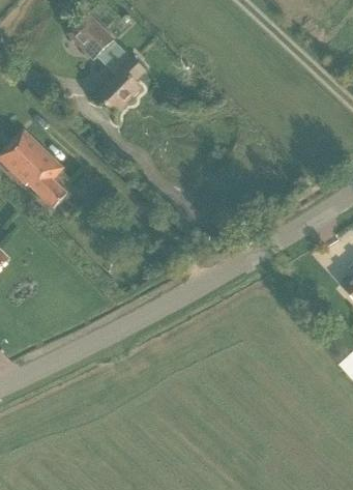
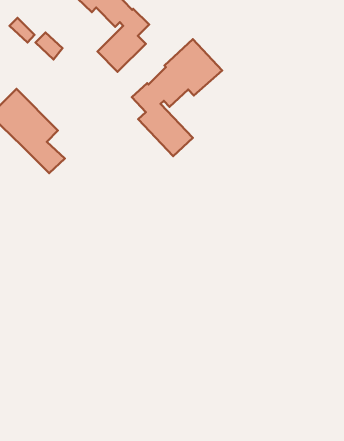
building: none -> [132,39,222,156]

